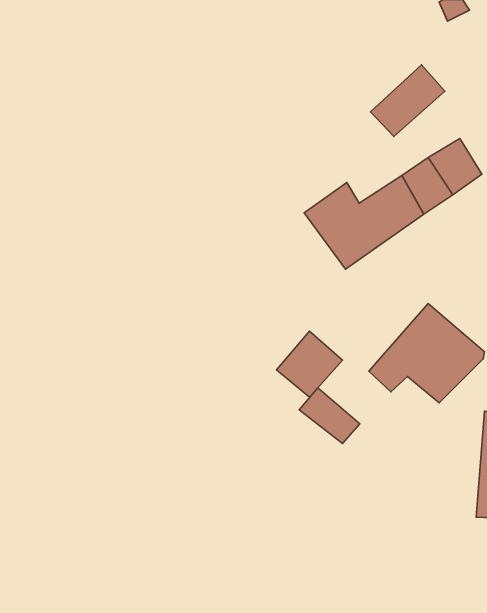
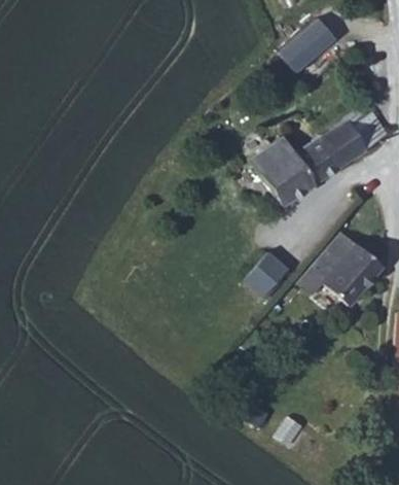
building: [370,65,445,137] -> [274,25,329,78]
building: [299,388,360,443] -> none

